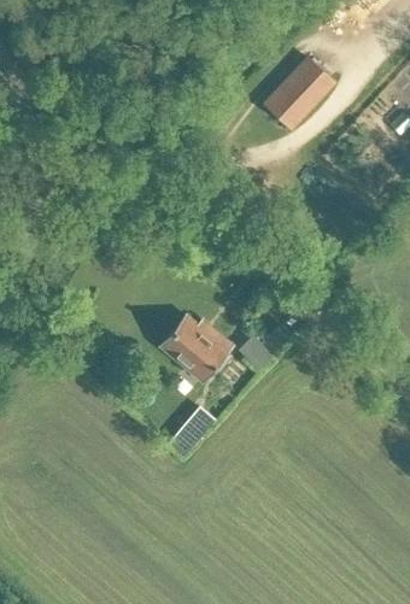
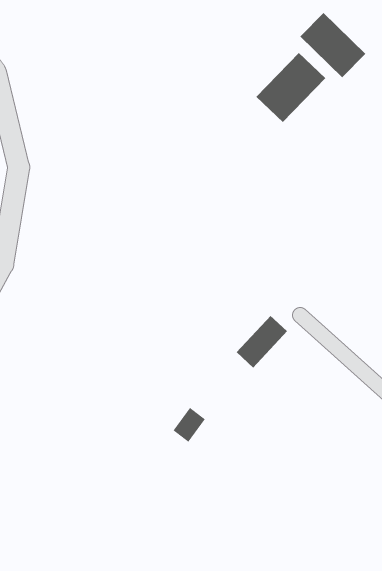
building: none -> [299,12,366,78]
building: [160,317,230,381] -> none

